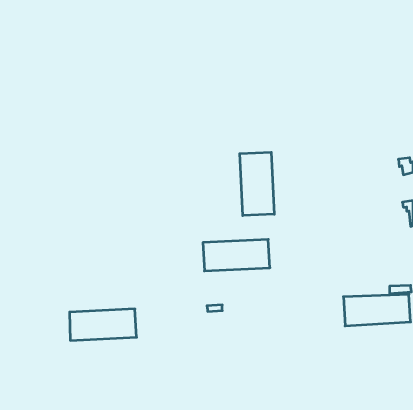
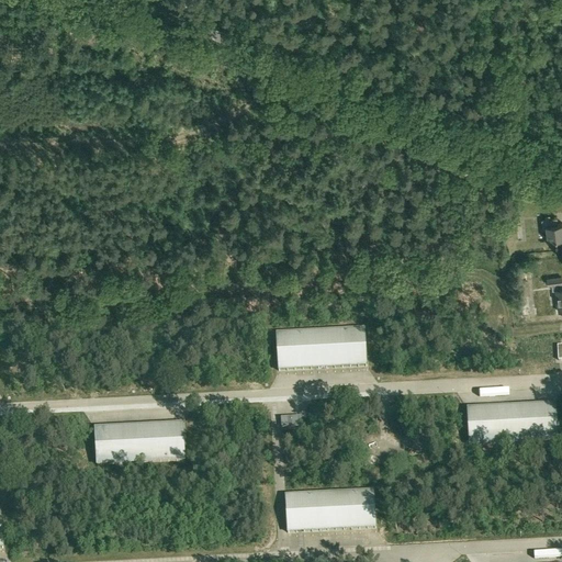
building: [240,152,274,216] -> none
building: none -> [285,486,376,530]

